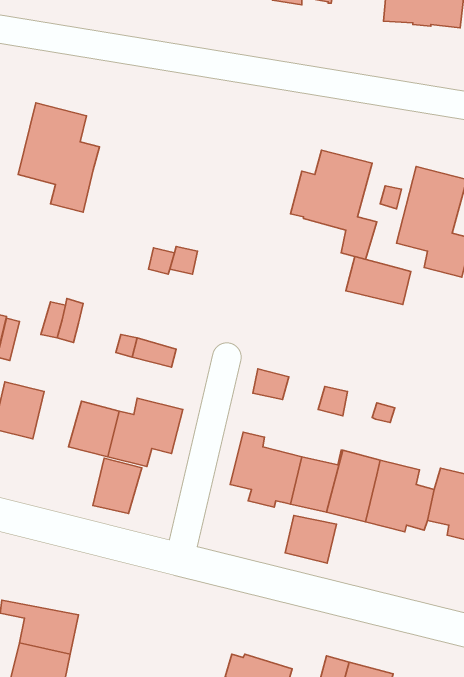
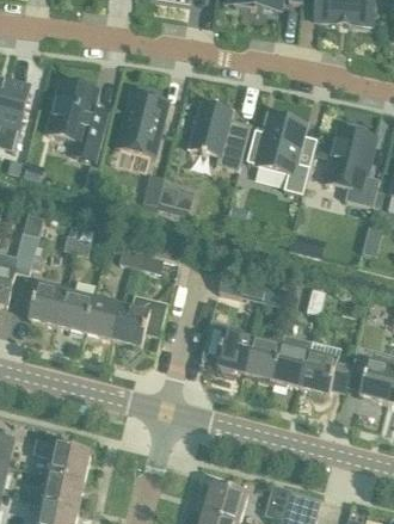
building: none -> [117,90,168,154]
building: none -> [187,100,250,169]
building: [346,257,411,305] -> none
building: [93,458,142,514] -> [57,290,93,331]
building: [285,515,337,563] -> none

